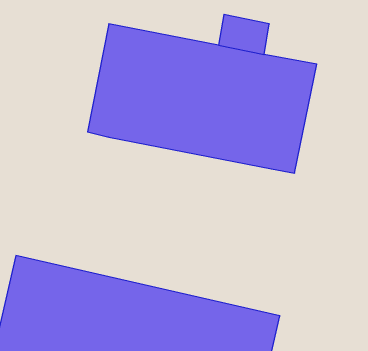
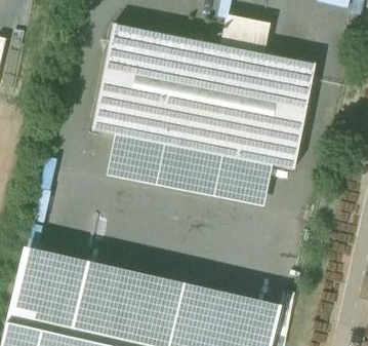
building: none -> [107,133,272,206]

